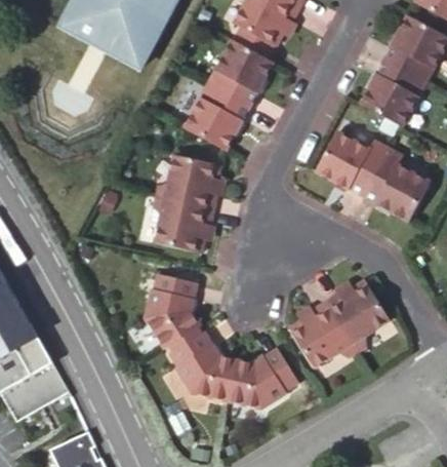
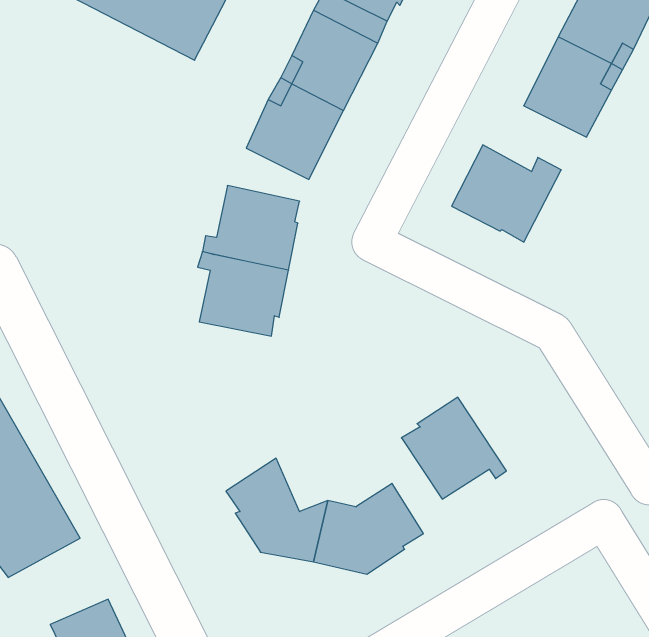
building: [363,147,431,220] -> none
building: [320,273,385,344] -> none
building: [143,278,197,353] -> none

